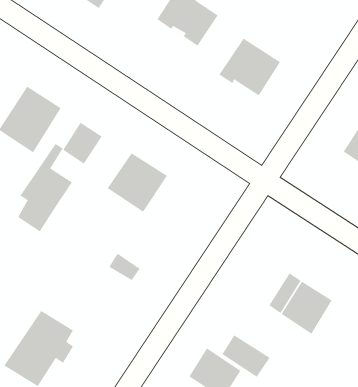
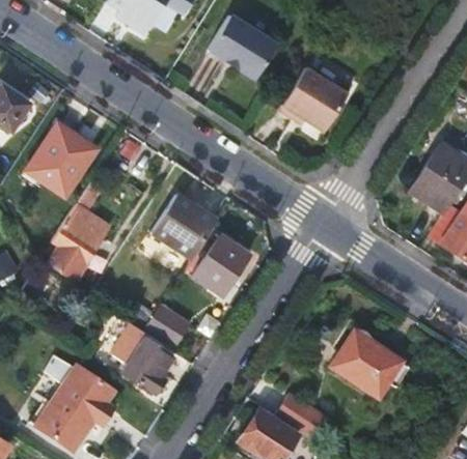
building: [63,122,103,164] -> none
building: none -> [193,234,250,295]
building: none -> [112,323,174,395]

